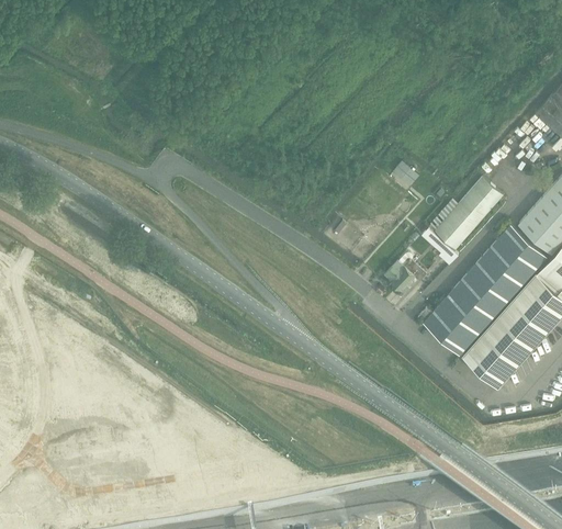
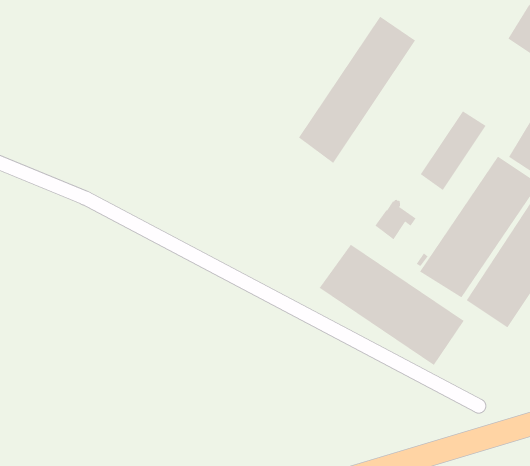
building: none -> [298,16,416,164]
building: none -> [319,244,465,366]

